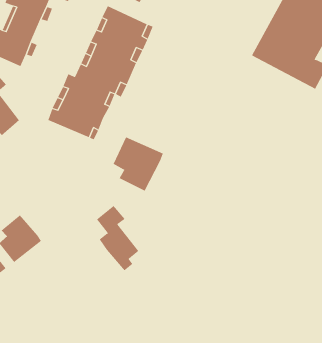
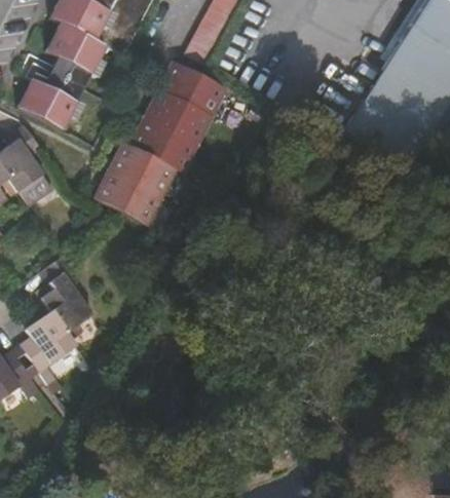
building: [113,136,163,192] -> none
building: [96,205,139,271] -> [40,254,90,335]

